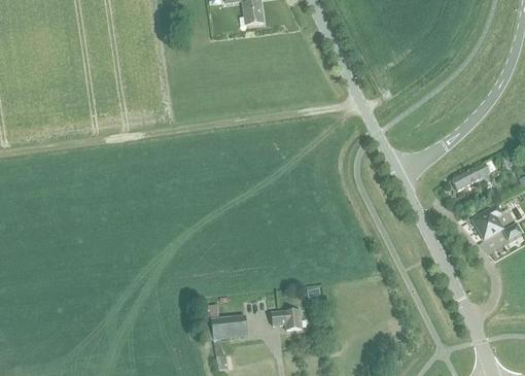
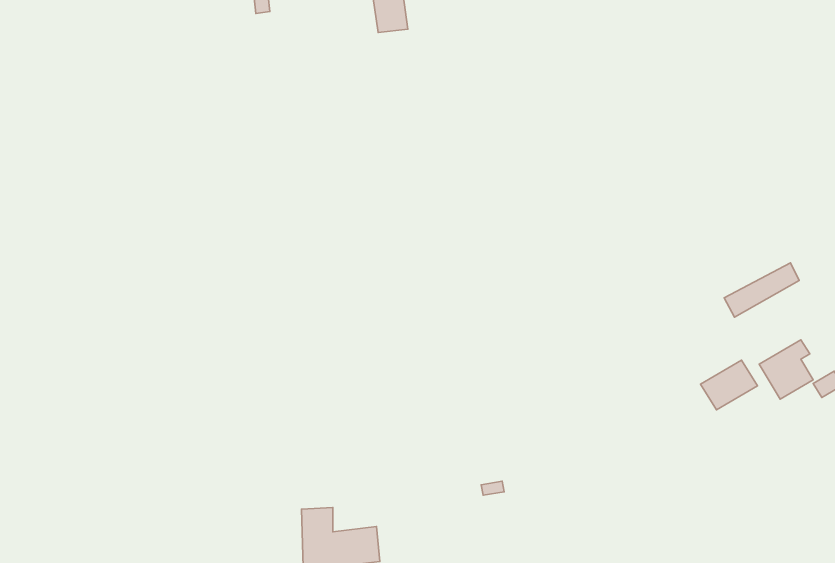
building: none -> [701,360,758,410]
building: [272,310,302,330] -> none

